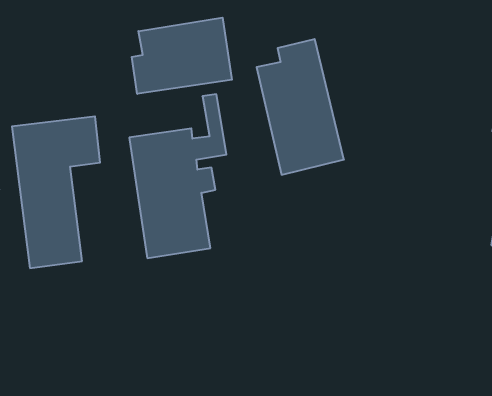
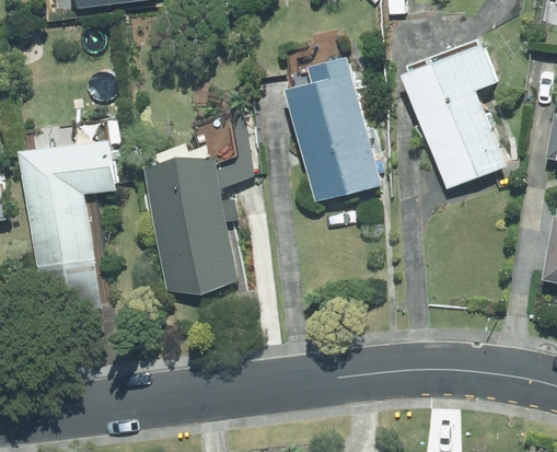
building: [132,18,232,94] -> none
building: none -> [401,43,507,189]

